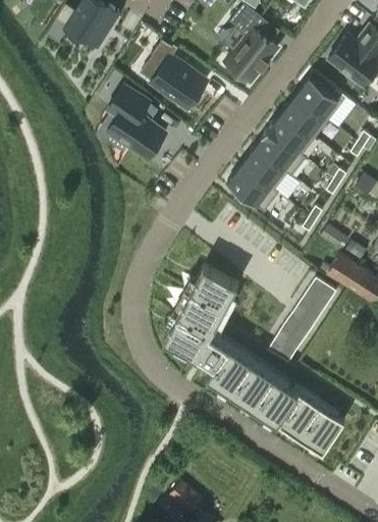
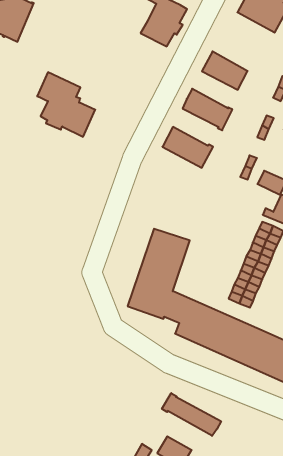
building: [151,39,206,108] -> none
building: [295,76,357,128] -> none
building: [268,112,315,155] -> none
building: [241,147,288,190] -> none
building: none -> [162,393,221,436]

